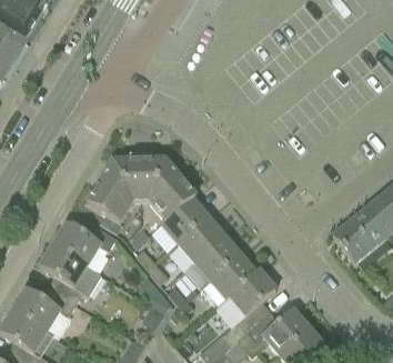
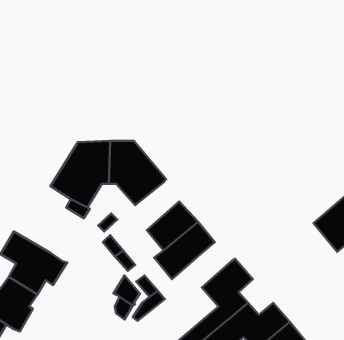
building: [161,198,206,242] -> none
building: [52,220,115,271] -> none
building: [200,253,255,304] -> none

